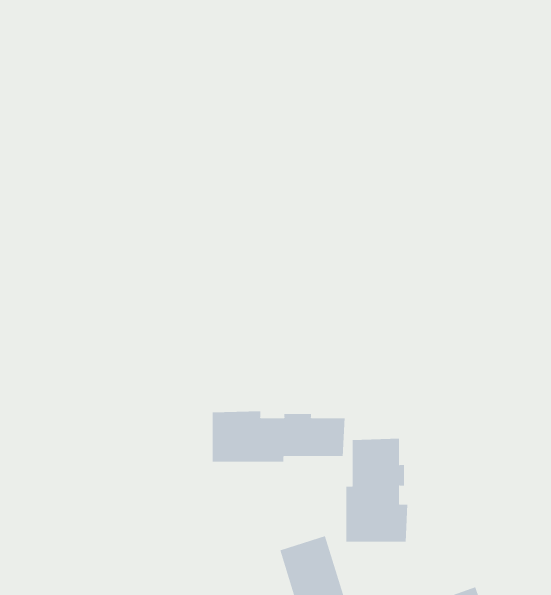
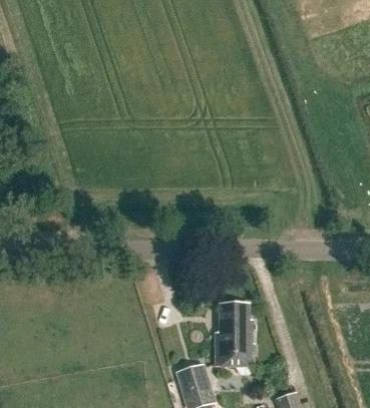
building: [212,411,345,462] -> none

